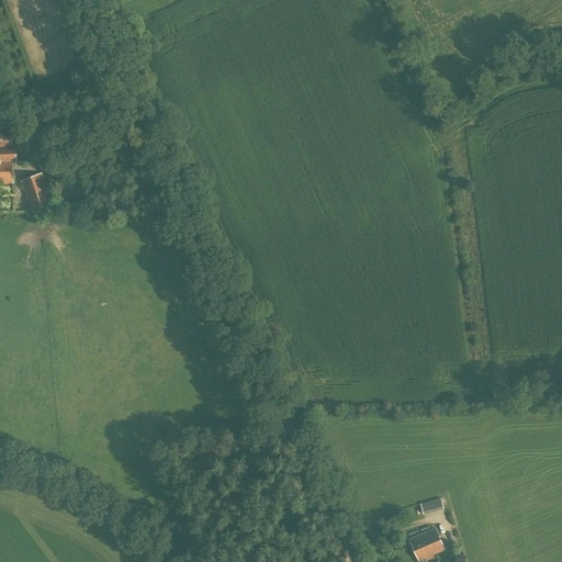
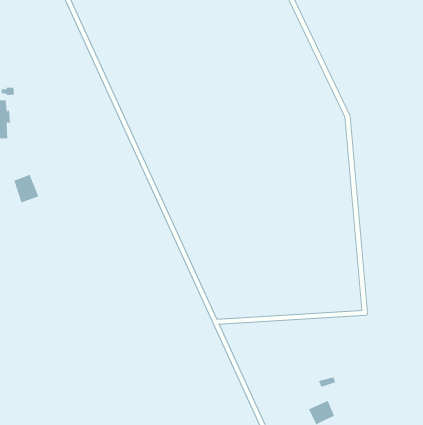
building: [19,172,53,211] -> [13,174,39,203]

